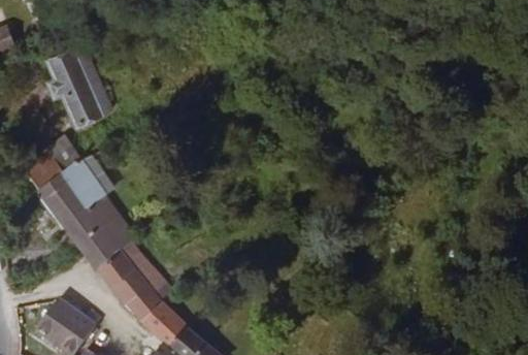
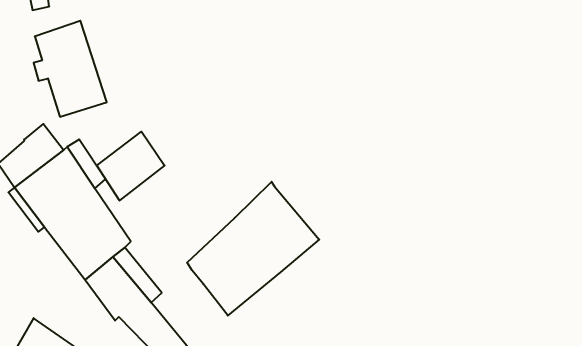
building: none -> [97,132,165,201]
building: none -> [187,182,319,316]

